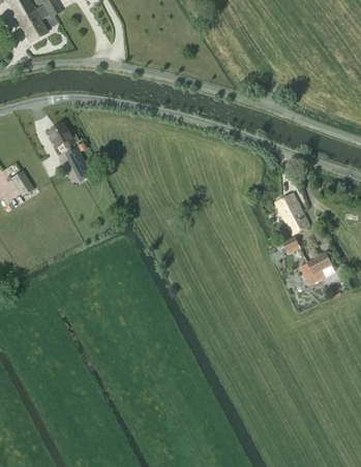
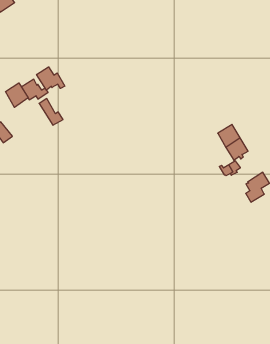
building: none -> [37,67,65,90]
building: none -> [6,83,28,107]

